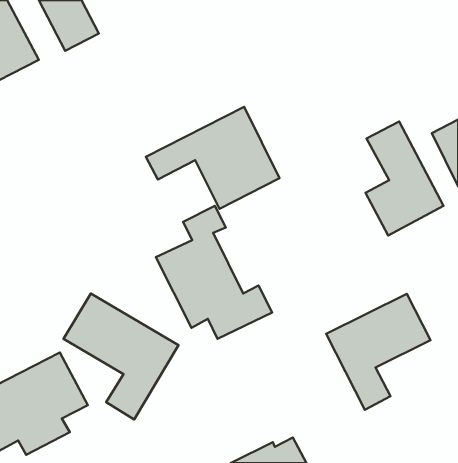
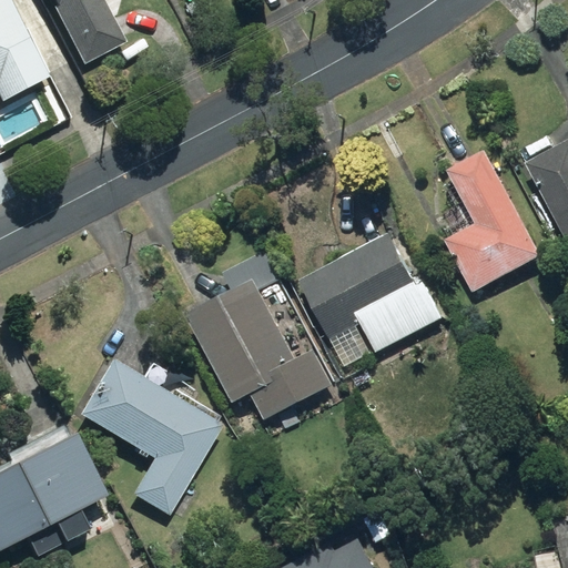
building: [146,107,279,209] -> none
building: none -> [303,234,445,352]
building: [326,294,430,410] -> none

